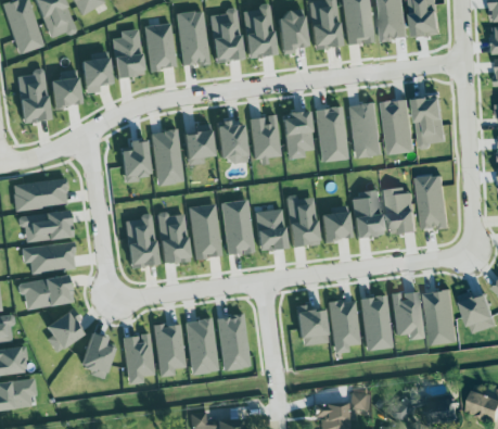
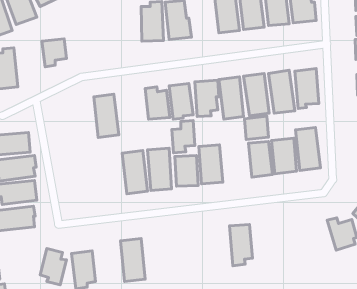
building: [178,11,209,66] -> none
building: [281,13,311,51] -> none
building: [145,23,177,71] -> none
building: [115,28,146,77] -> none
building: [55,70,84,106] -> none
building: [187,123,217,165] -> [172,121,195,153]
building: [122,139,154,180] -> none
building: [323,211,355,241] -> [244,116,268,139]
building: [159,212,191,264] -> none
building: [127,216,159,267] -> none
building: [425,290,455,343] -> none
building: [393,291,424,340] -> none
building: [361,295,393,351] -> none
building: [298,305,331,345] -> none
building: [48,311,87,353] -> none
building: [219,315,250,370] -> none
building: [154,324,186,377] -> none

